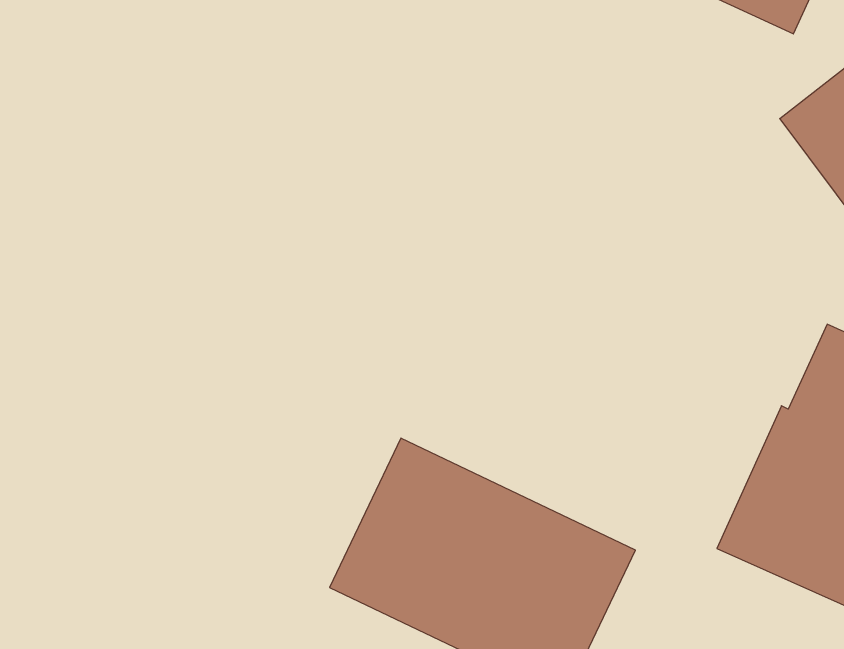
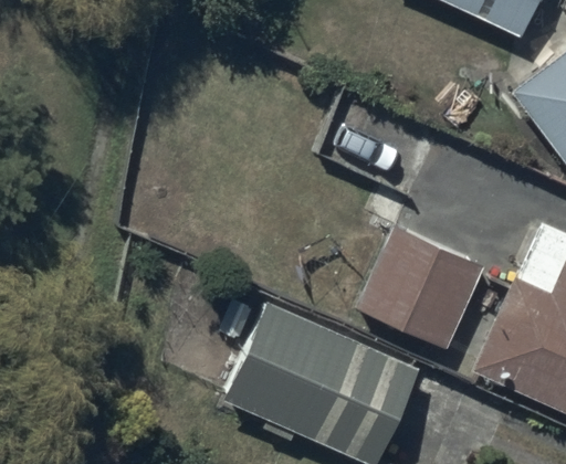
building: none -> [358,229,486,351]

